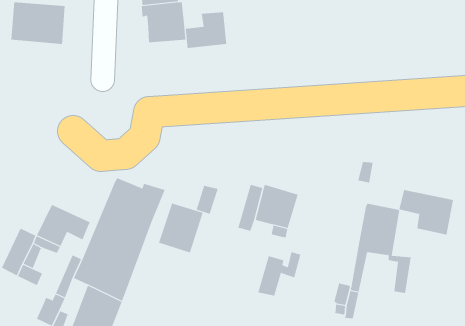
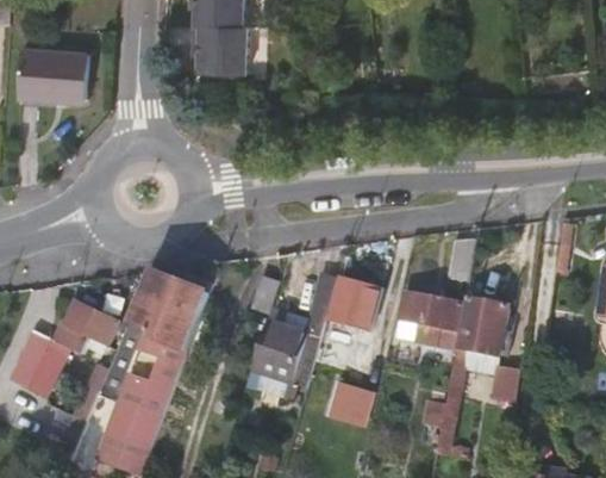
building: [185,12,227,49] -> none
building: [399,189,454,235] -> [396,288,466,346]
building: [158,203,204,253] -> [254,317,311,380]

